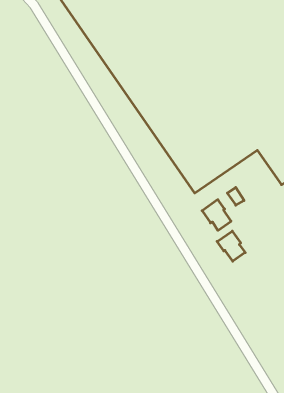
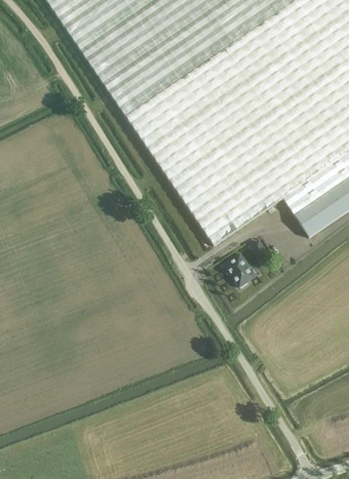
building: [217,231,245,261] -> none

